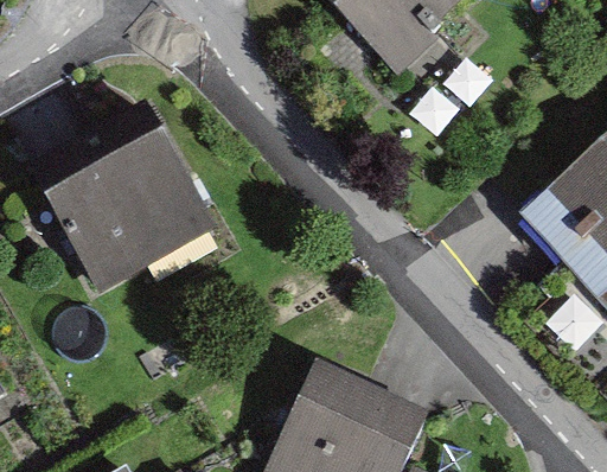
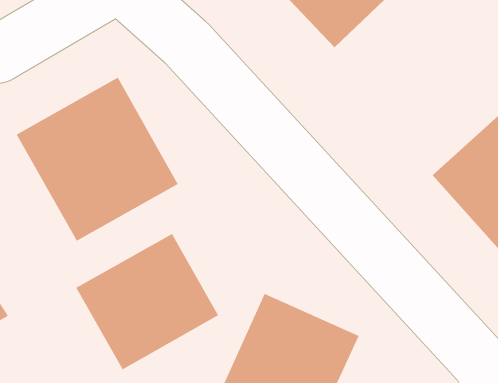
building: none -> [76,233,219,370]

